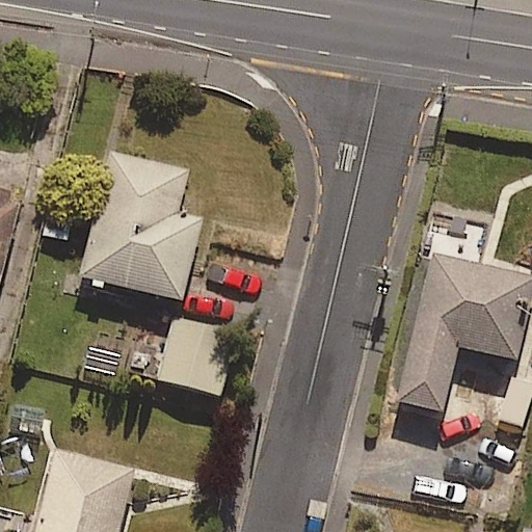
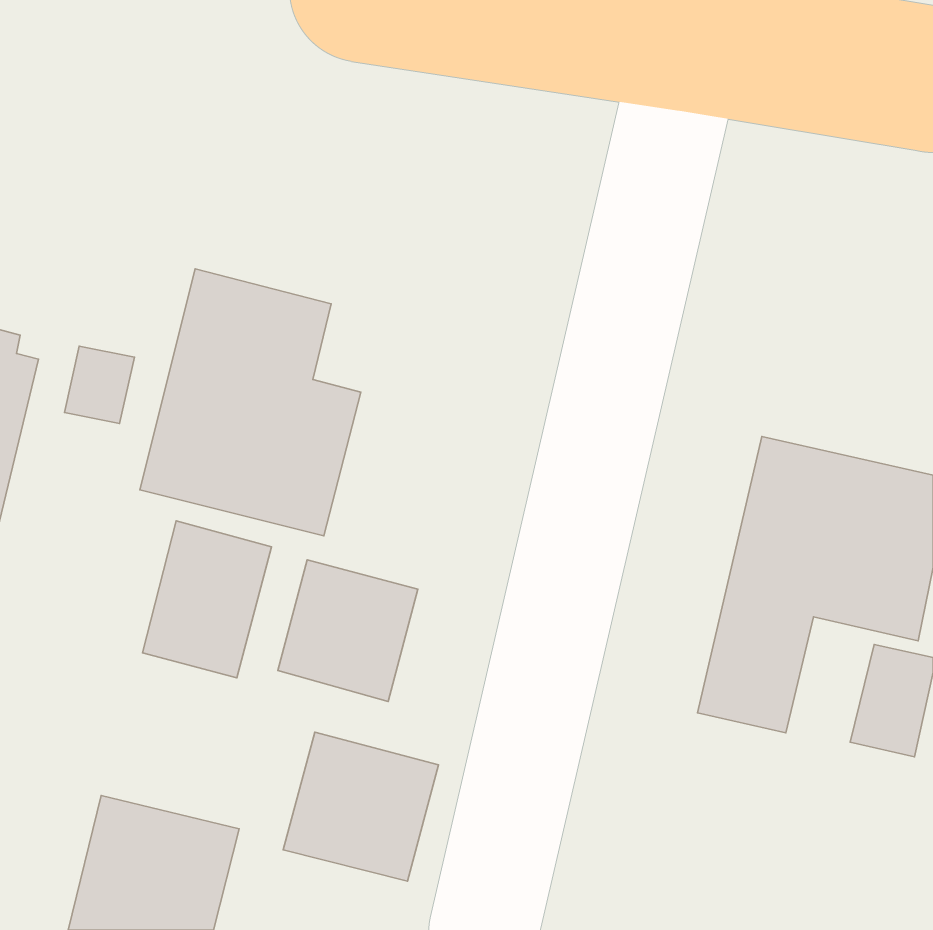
building: none -> [143,521,272,678]
building: none -> [283,732,439,881]

